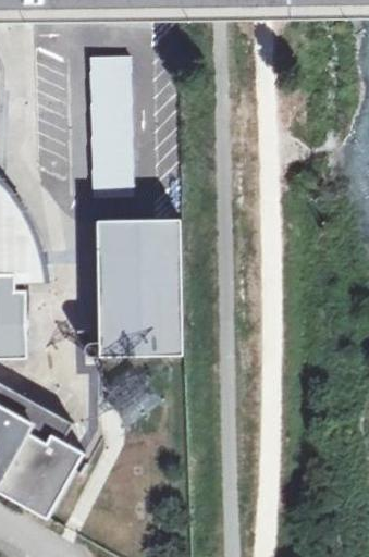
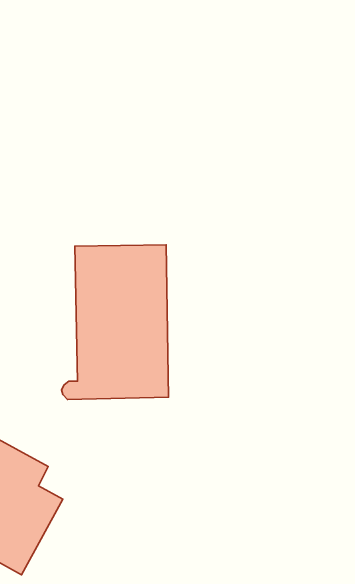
building: [94,52,132,191] -> none

